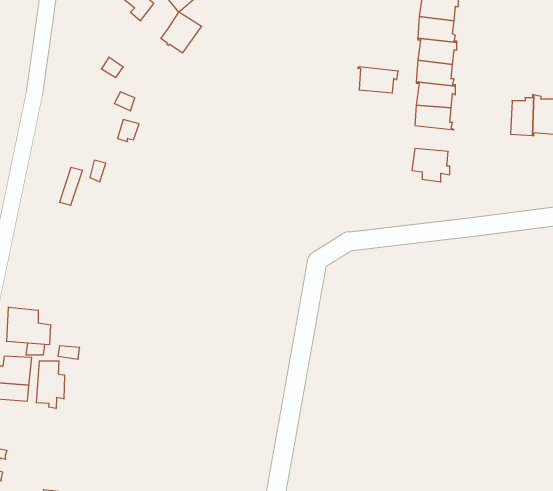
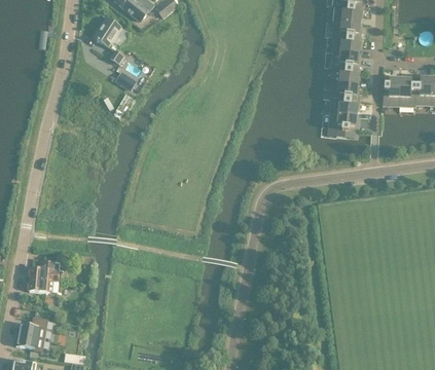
building: [161,12,202,53] -> [95,16,123,45]
building: [358,67,398,93] -> [332,97,361,115]
building: none -> [385,76,402,103]
building: [7,307,51,345] -> none
building: [36,361,65,409] -> none

